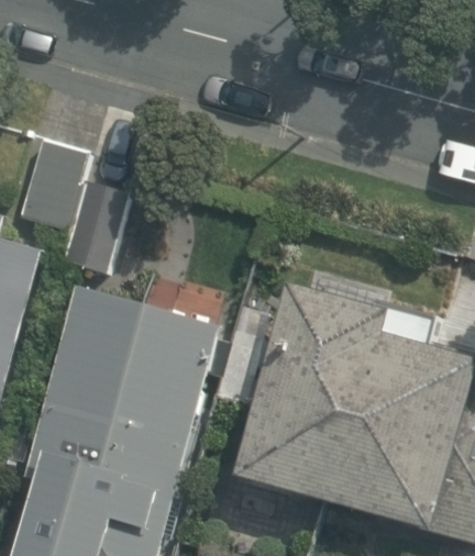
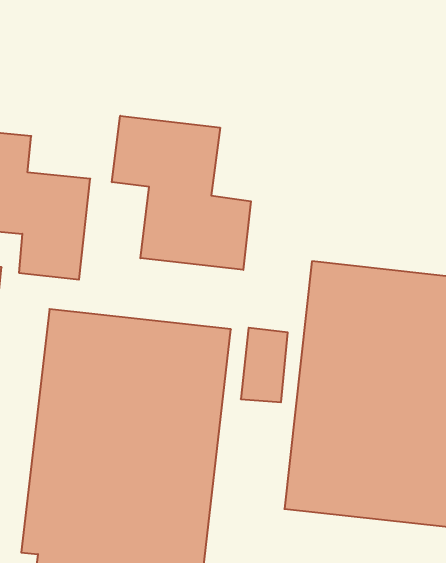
building: none -> [112,116,251,270]

